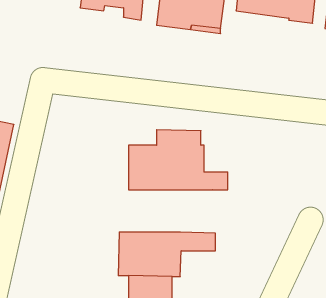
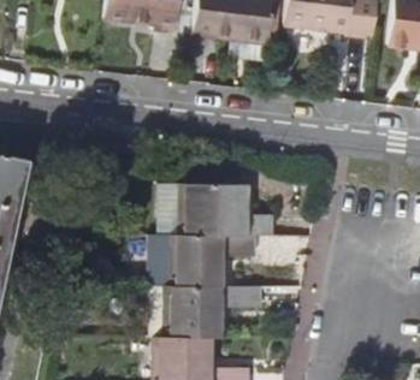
building: none -> [150,233,259,283]

